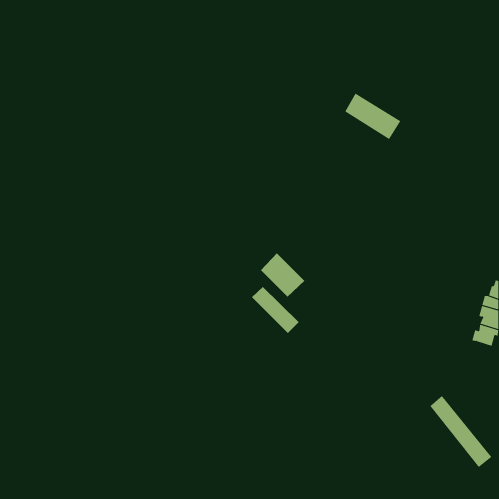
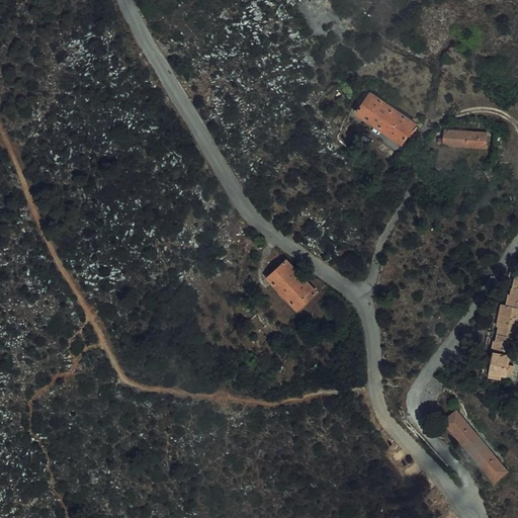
building: none -> [444,130,488,150]
building: [251,286,299,334] -> none
building: none -> [486,354,509,379]

